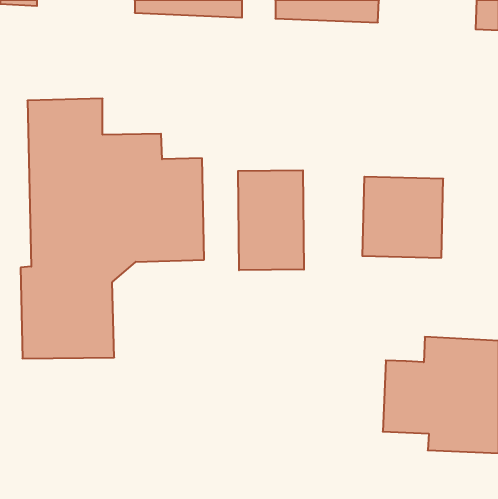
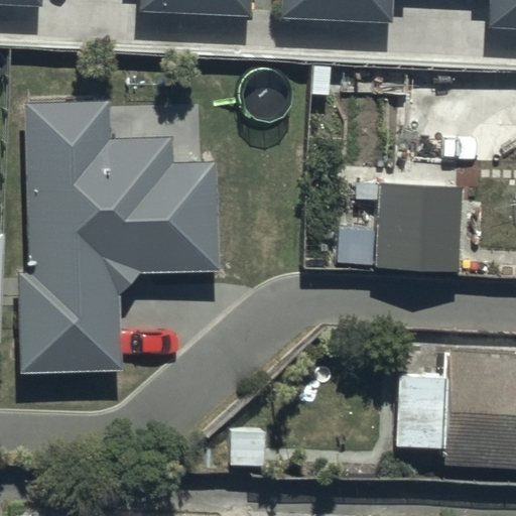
building: [238,170,304,270] -> none

